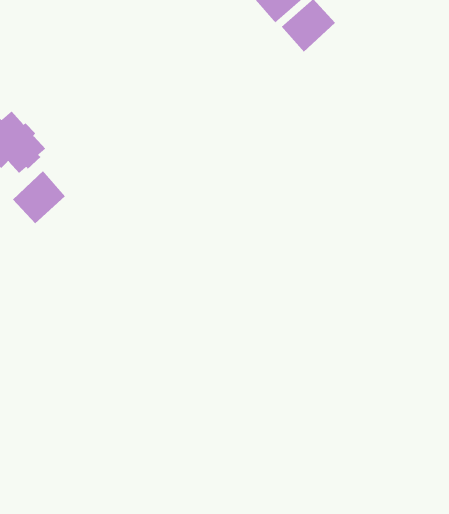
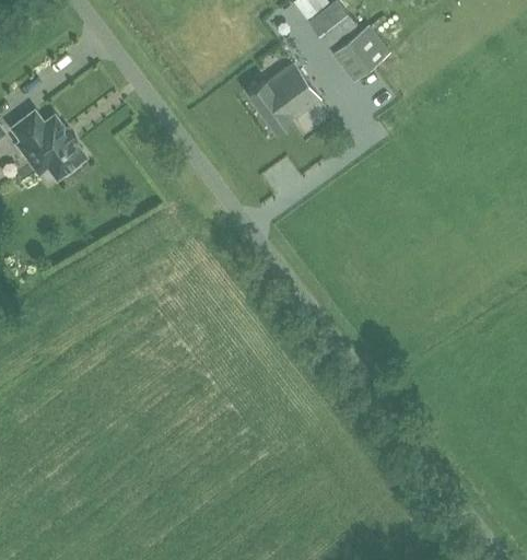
building: none -> [248,63,320,132]
building: [12,170,66,224] -> none

